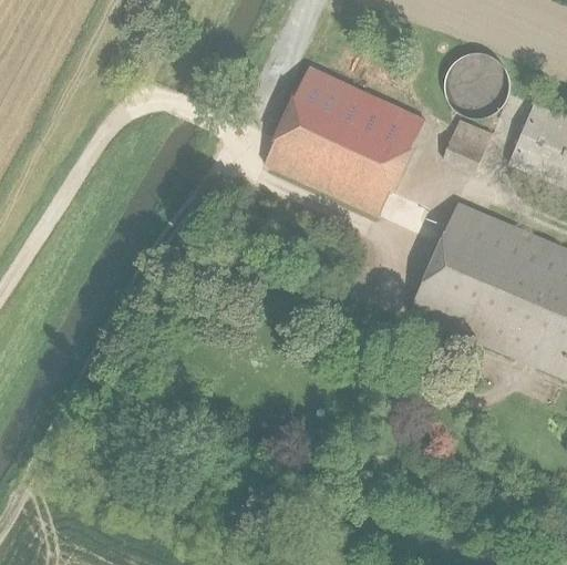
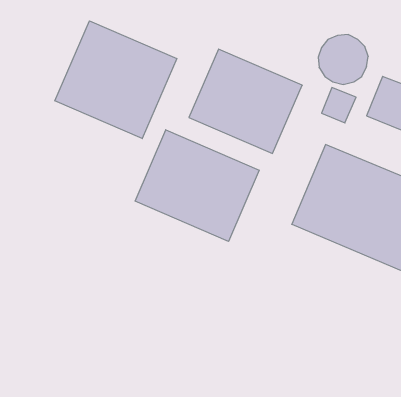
building: none -> [55,21,177,139]
building: none -> [135,130,259,241]

